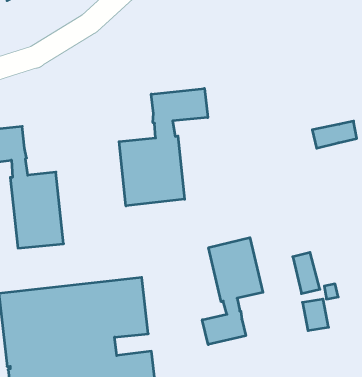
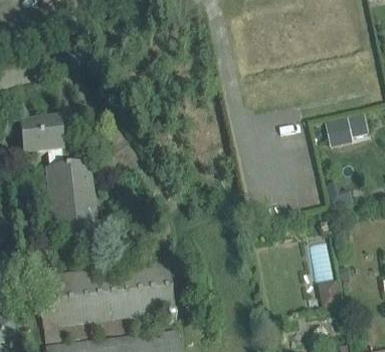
building: [119,88,208,206] -> none
building: [202,238,263,345] -> none

